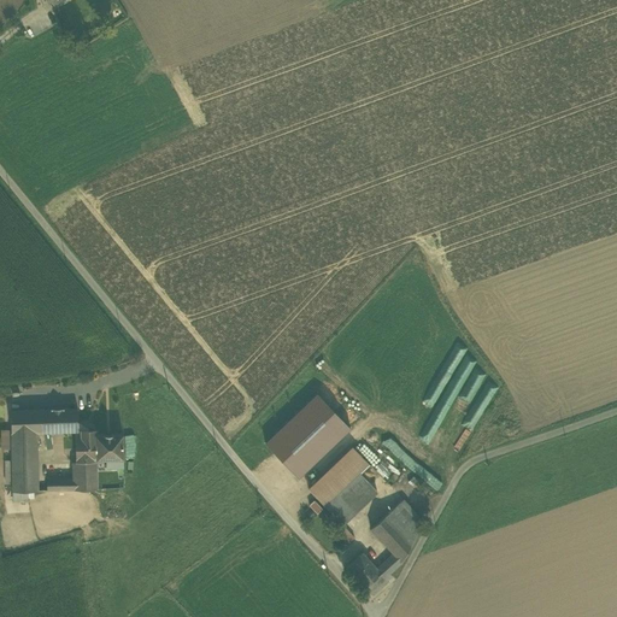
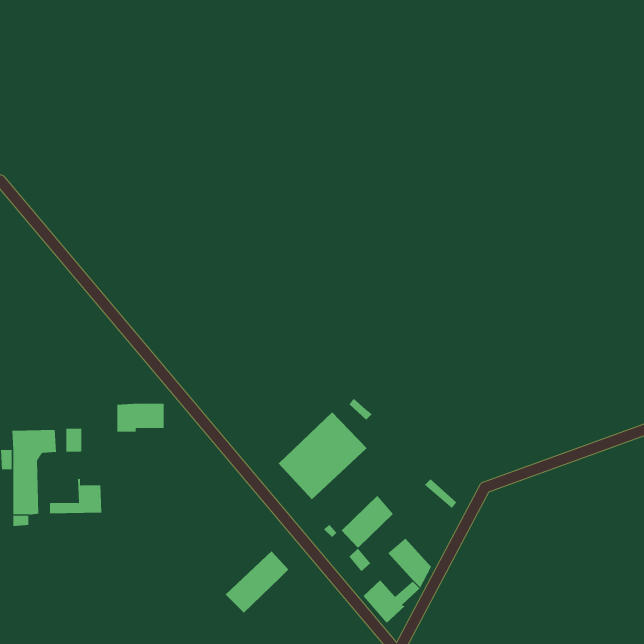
building: [78,436,124,464] -> [116,403,164,432]
building: [308,447,370,507] -> [225,550,289,614]
building: [388,500,424,542] -> none

